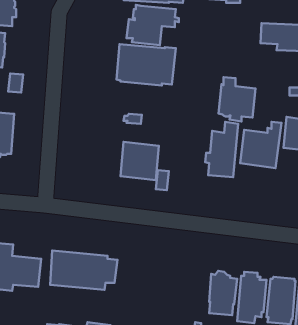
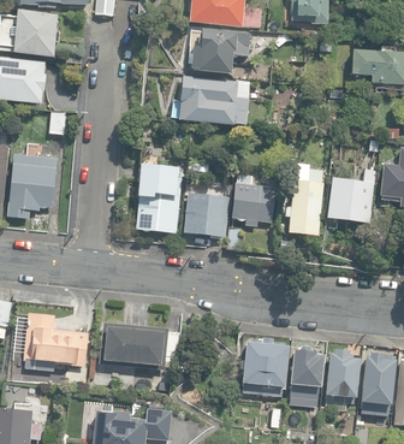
building: [218,77,256,122] -> [231,174,275,227]
building: none -> [135,164,183,233]
building: none -> [239,336,289,393]

